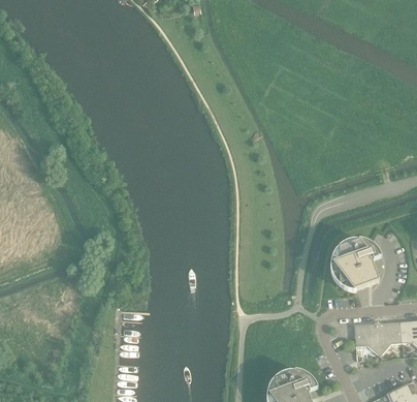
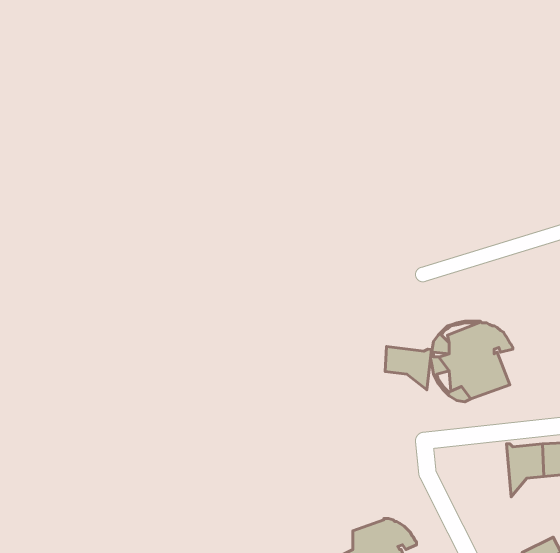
building: none -> [385,346,432,390]
building: [352,319,378,354] -> none

